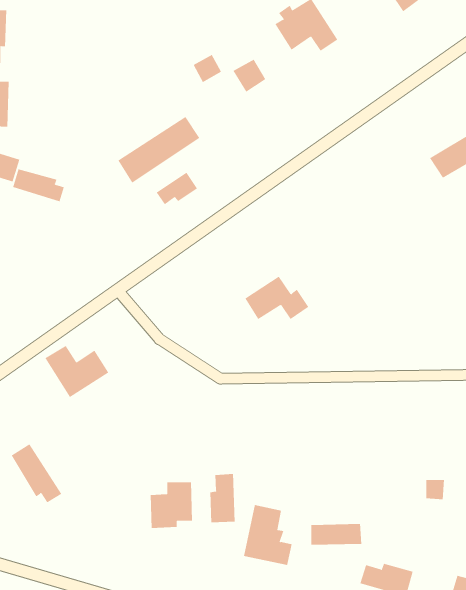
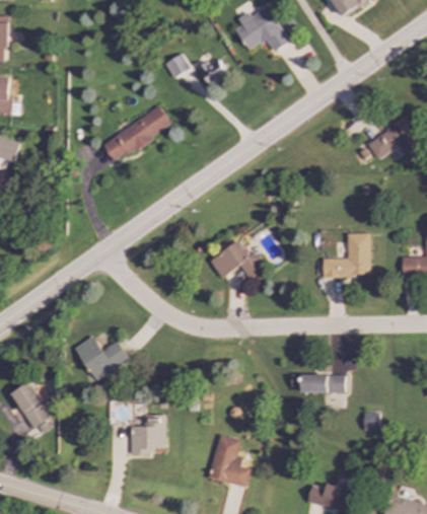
building: [12,169,64,202] -> none
building: [156,172,198,205] -> none
building: none -> [323,233,370,277]
building: [44,345,109,398] -> [75,337,130,381]
building: [210,473,235,523] -> none
building: [311,524,362,545] -> [301,375,345,393]

